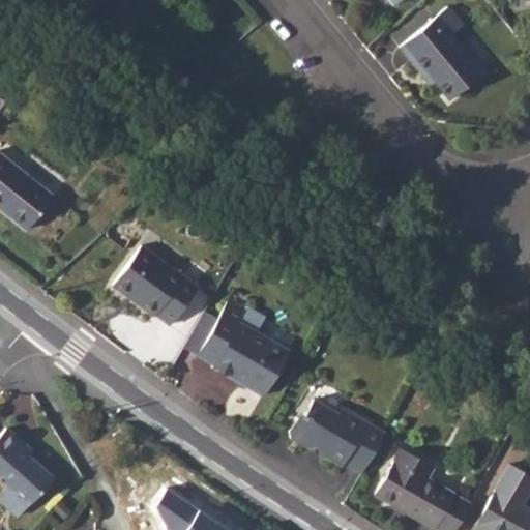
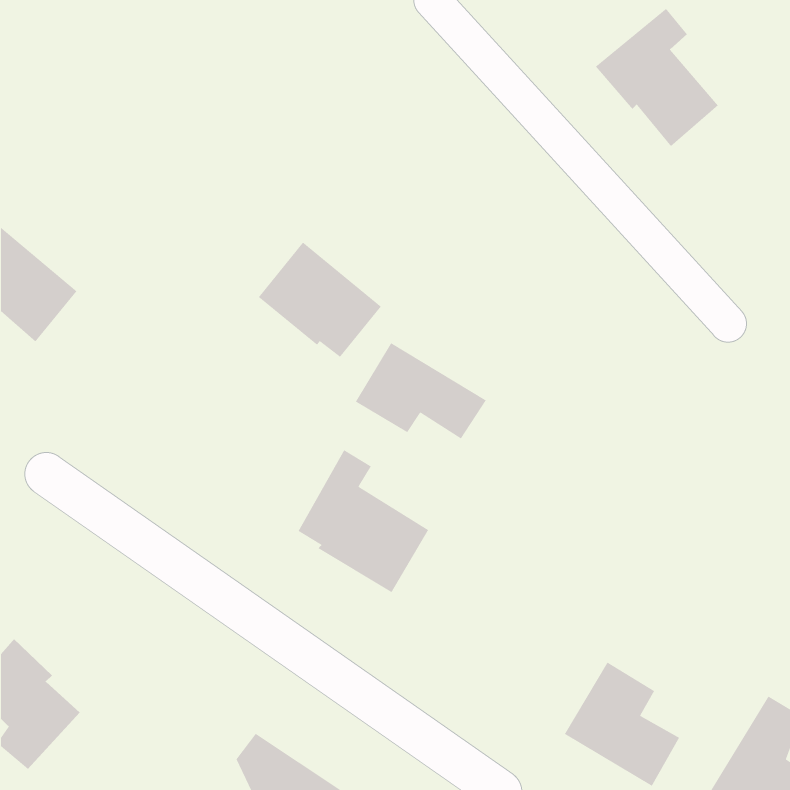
building: none -> [355,342,487,439]
building: [115,248,198,326] -> [258,242,382,358]
building: [290,401,386,474] -> none

